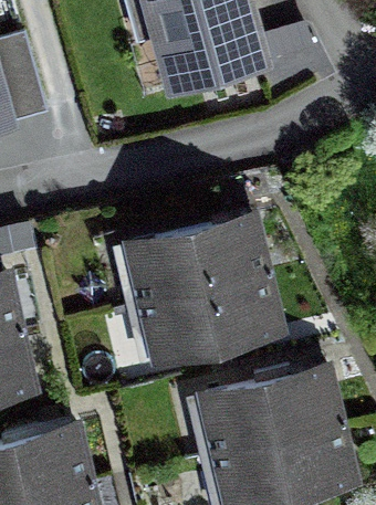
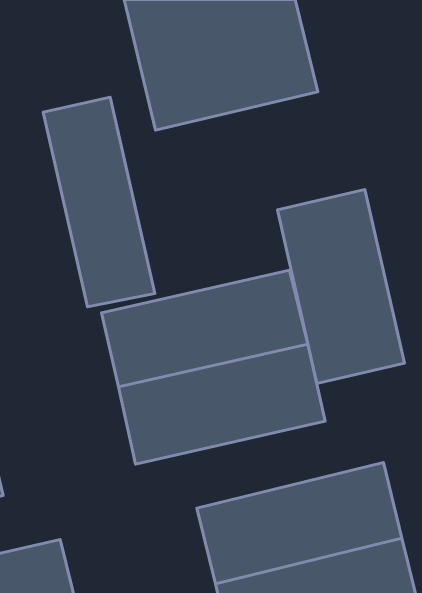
building: none -> [43,97,155,307]
building: none -> [277,190,404,383]

